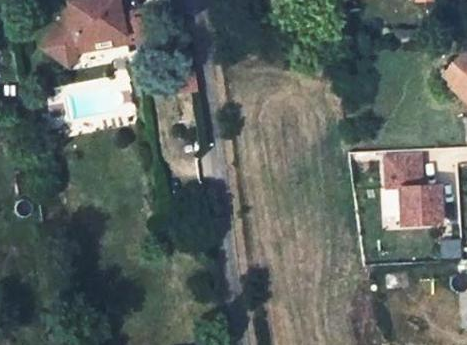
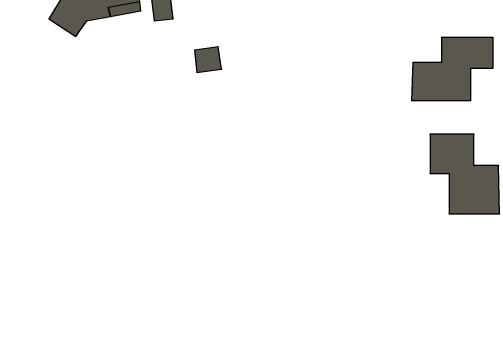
building: none -> [412,37,493,101]

